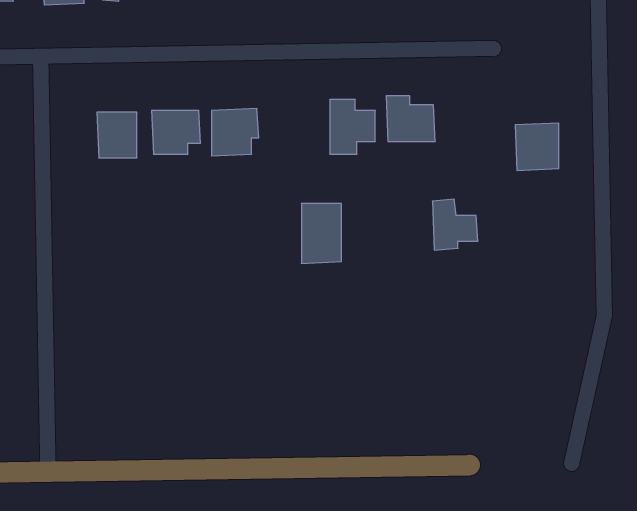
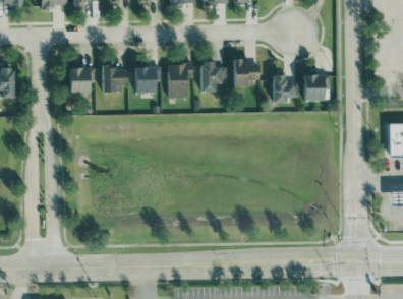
building: [432,199,478,250] -> [273,73,298,102]
building: [301,203,341,263] -> [167,63,189,97]

